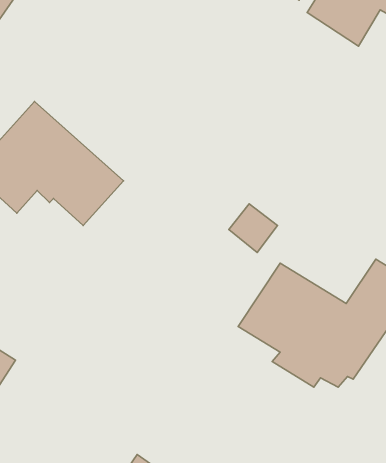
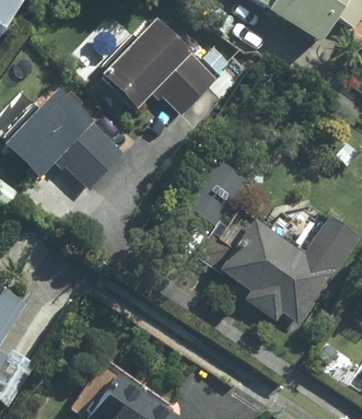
building: none -> [86,18,208,114]

